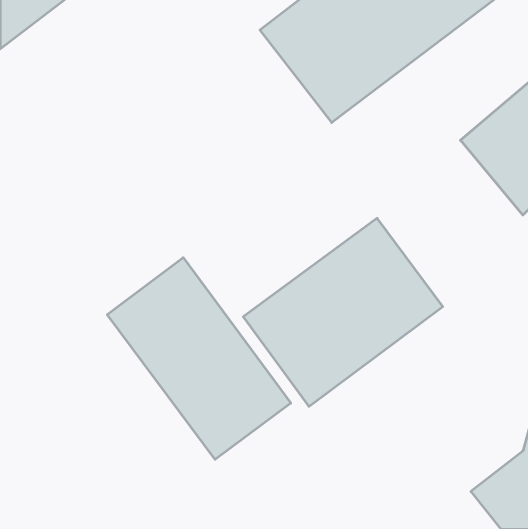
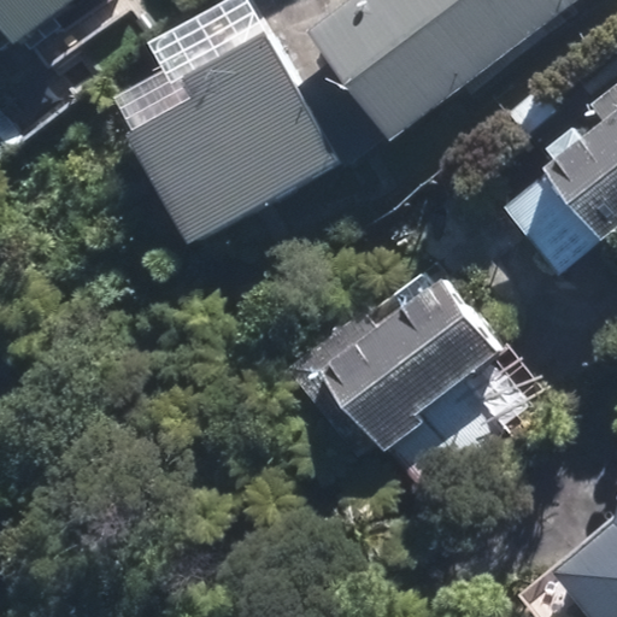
building: none -> [117,41,339,245]
building: [107,258,291,459] -> none

